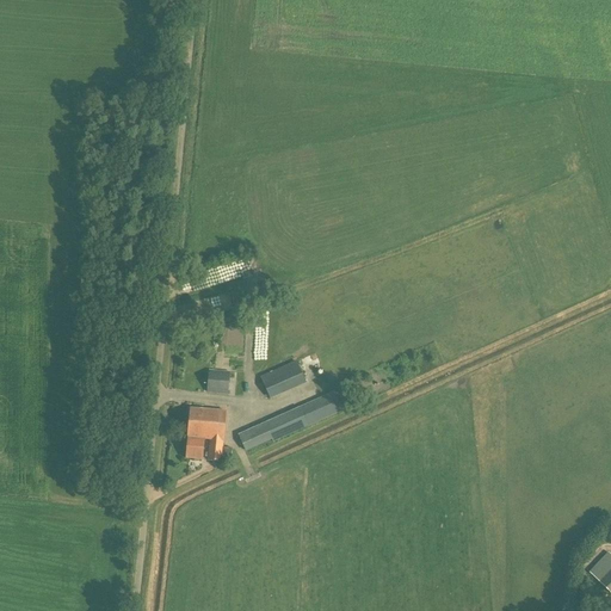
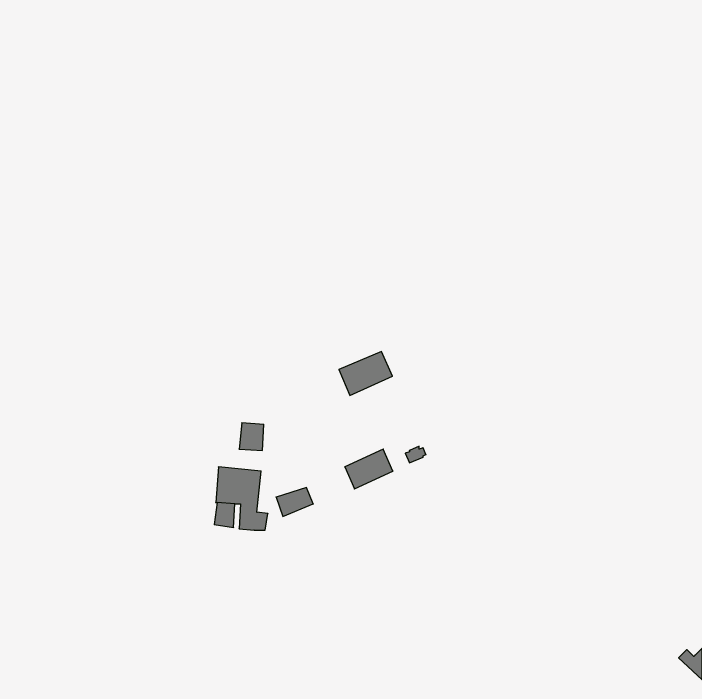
building: [260,359,307,397] -> [339,352,392,395]
building: [265,405,308,439] -> none

